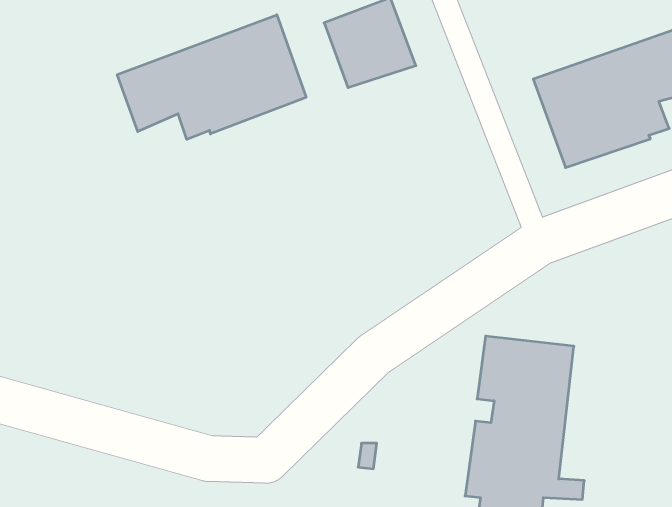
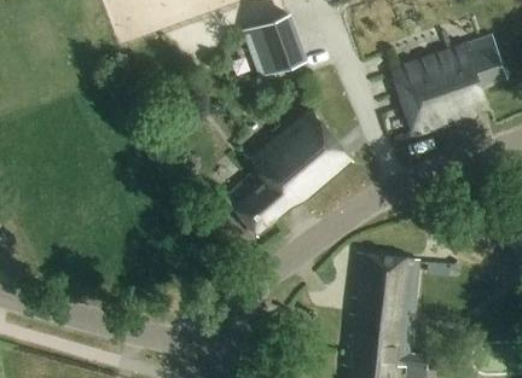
building: [117,15,306,139] -> none
building: none -> [225,106,353,237]

